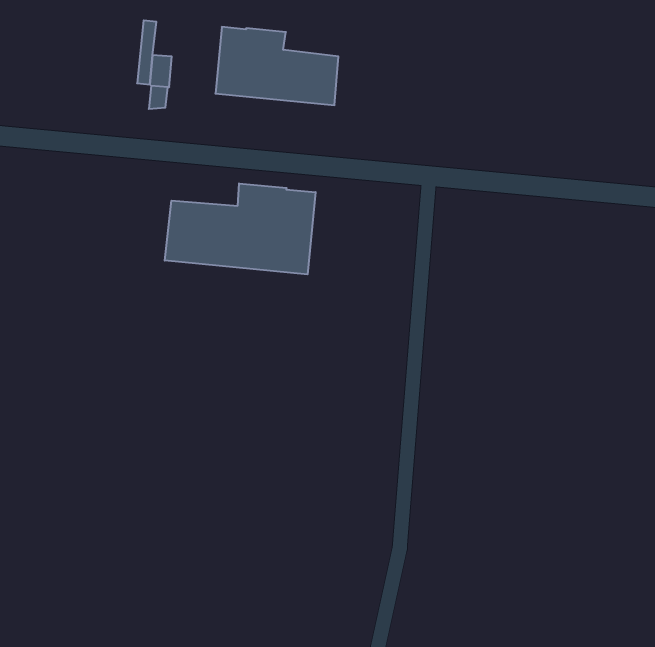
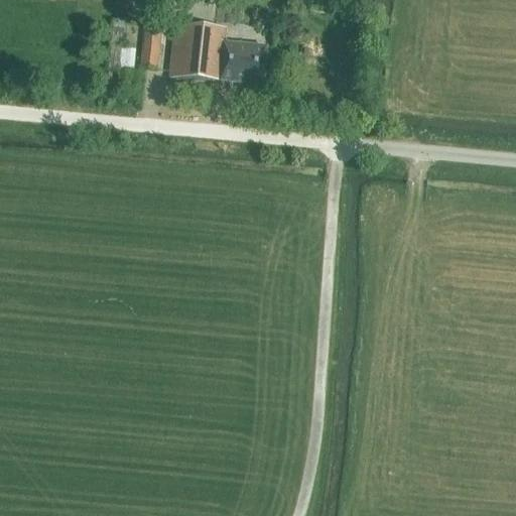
building: none -> [141,18,161,66]
building: [165,183,316,274] -> none

